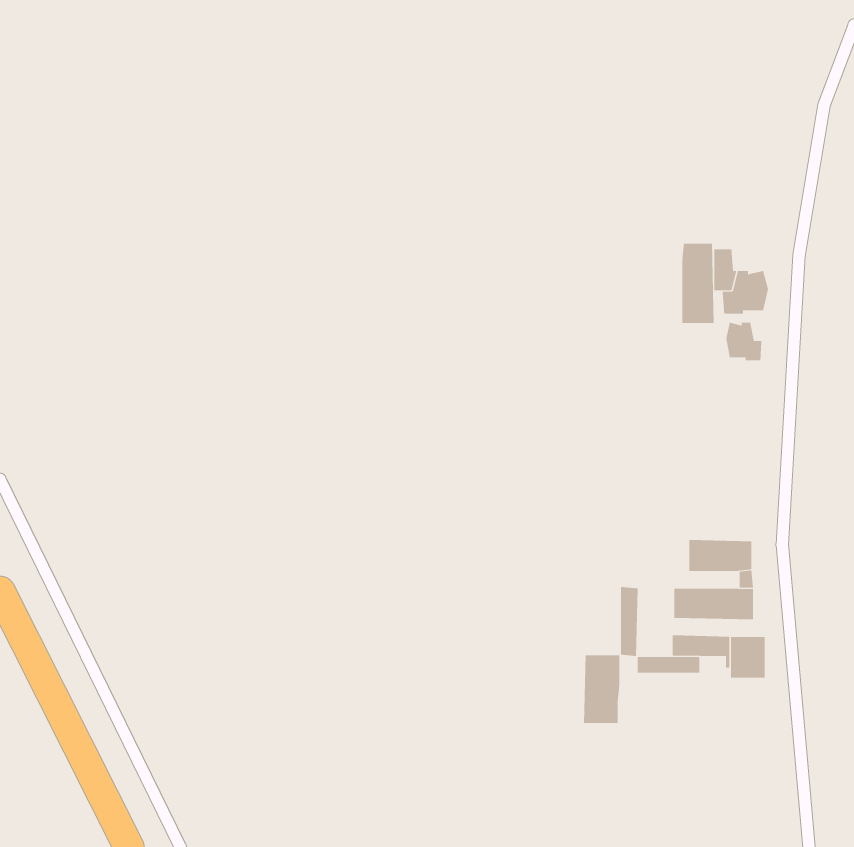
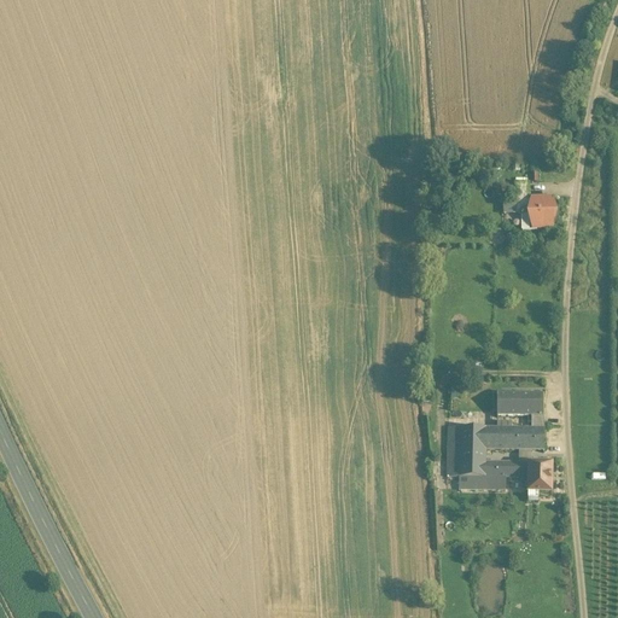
building: [682,243,714,324] -> none
building: [726,322,762,361] -> none
building: [583,655,620,723] -> [460,425,486,474]

